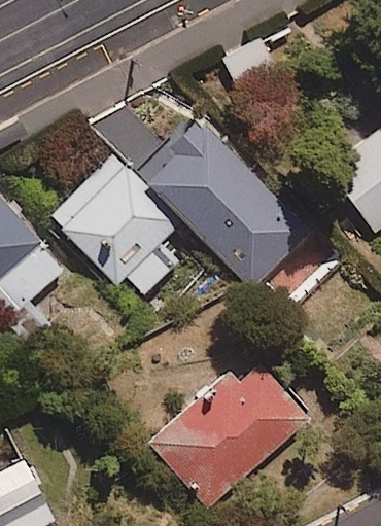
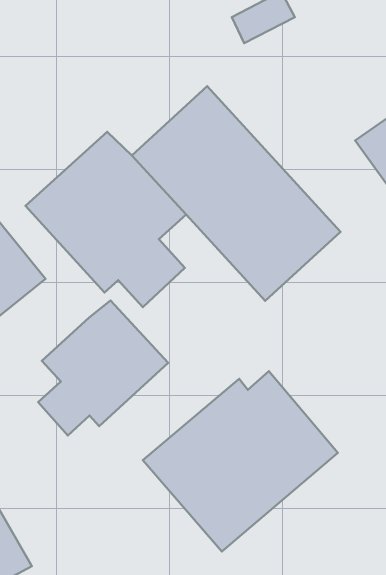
building: none -> [38,300,168,435]

